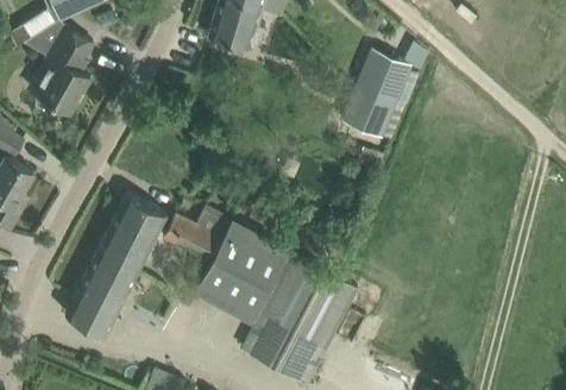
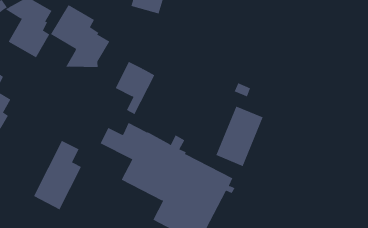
building: none -> [50,4,110,68]
building: [344,49,414,138] -> [216,106,264,167]
building: [107,194,166,272] -> [115,61,155,115]

